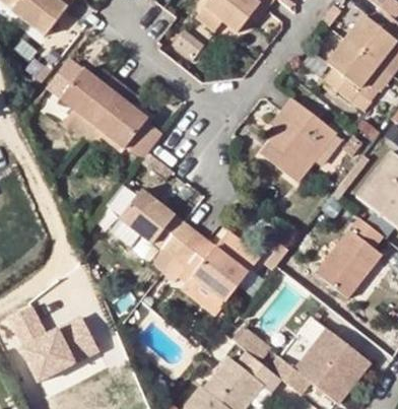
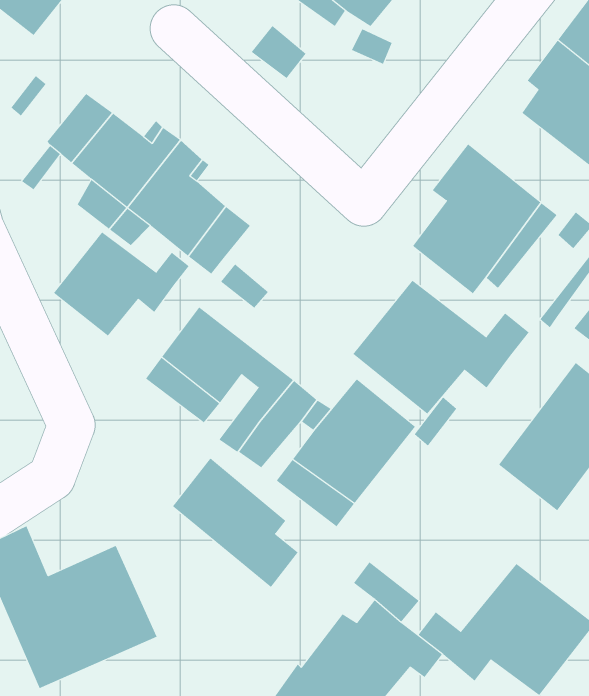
building: none -> [53,231,189,336]
building: none -> [353,280,530,415]
building: none -> [172,458,299,588]

